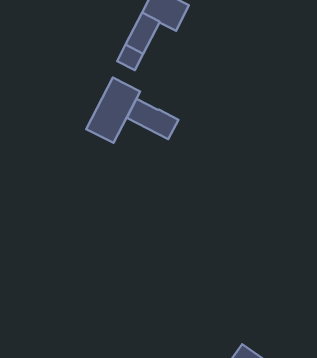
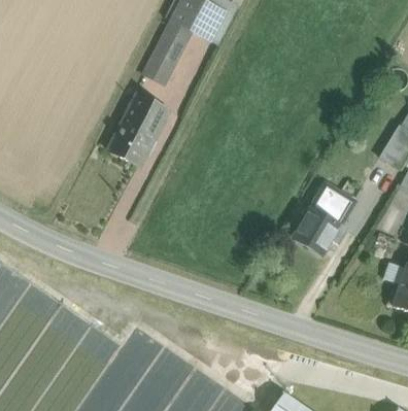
building: [127,99,179,139] -> none
building: none -> [293,186,353,256]

